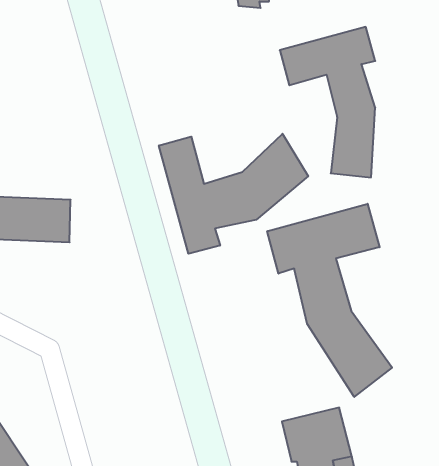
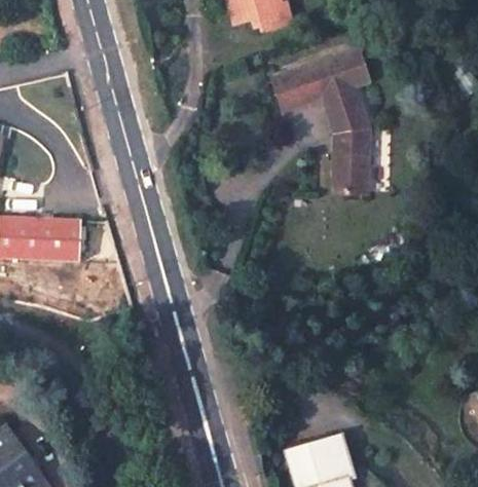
building: [159,134,308,254] -> none
building: [267,204,392,397] -> none

